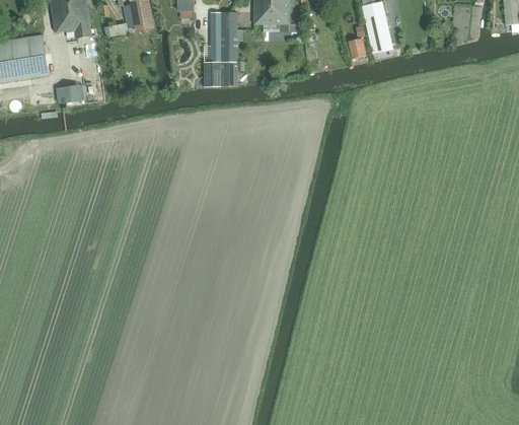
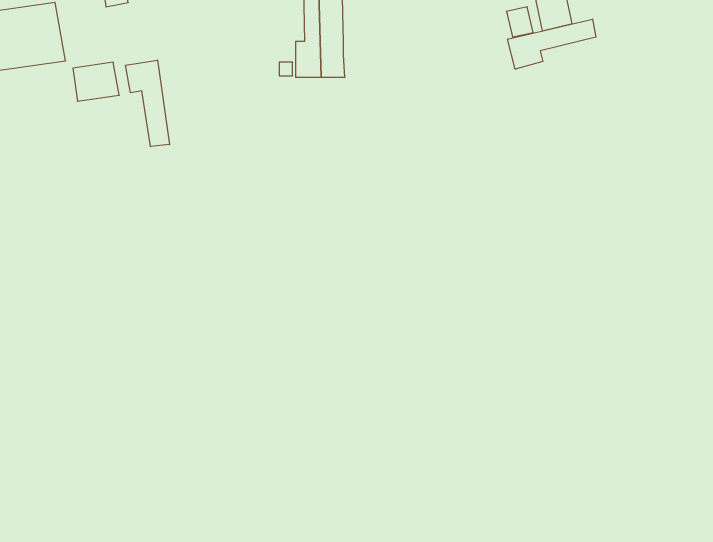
building: none -> [508,19,596,69]
building: none -> [125,60,170,147]

